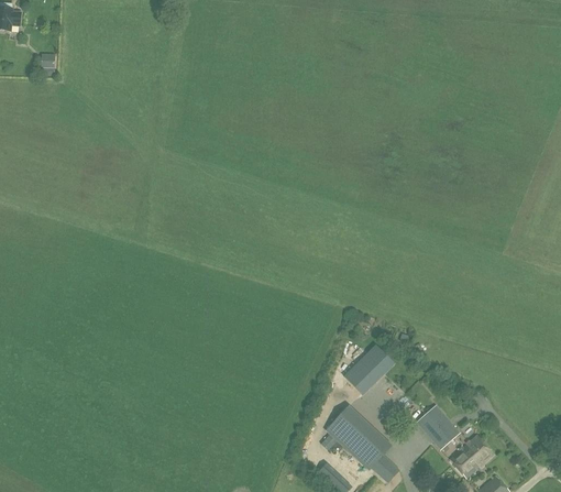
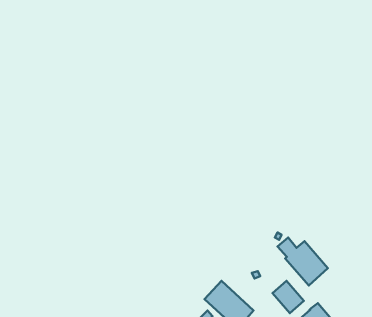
building: [344,345,394,394] -> none
building: none -> [278,237,328,286]

